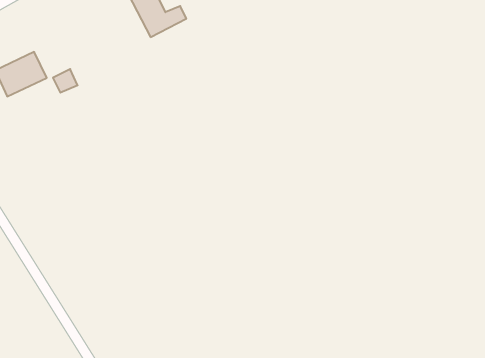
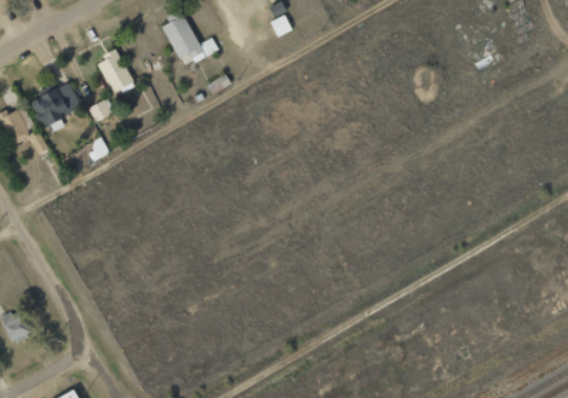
building: none -> [98,48,134,94]

